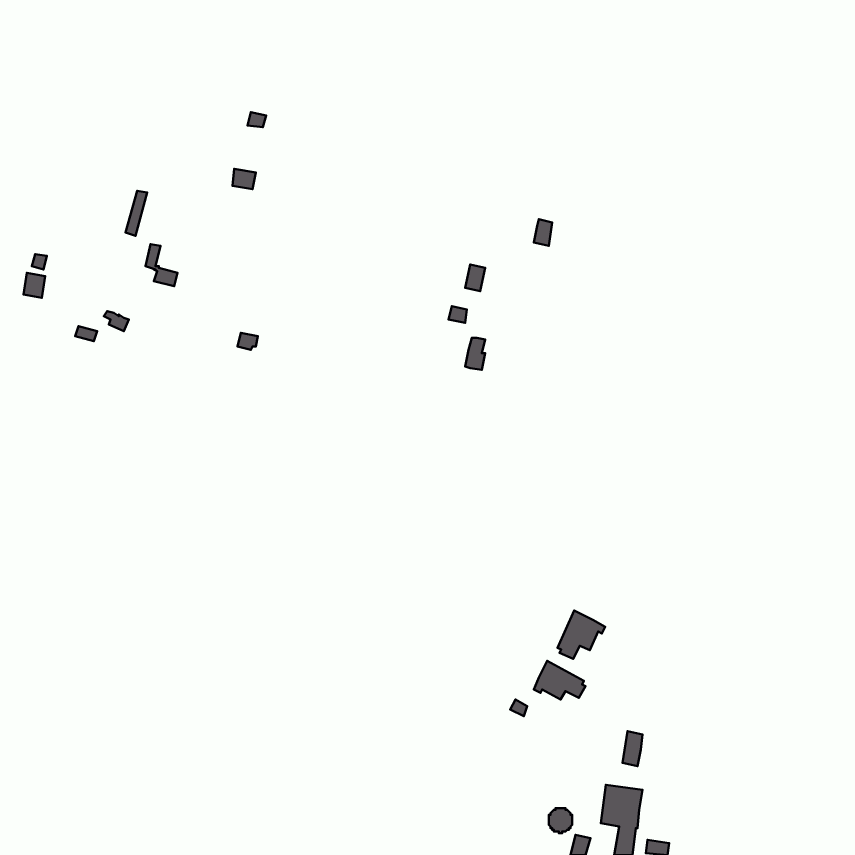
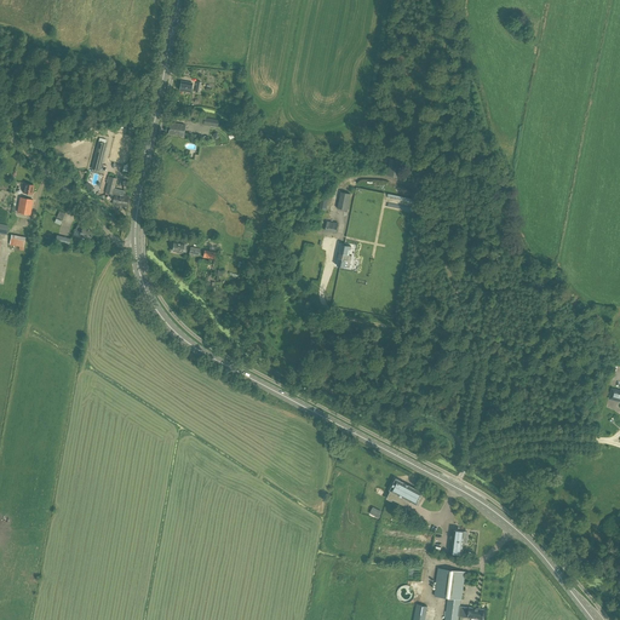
building: [557,611,605,659] -> none

